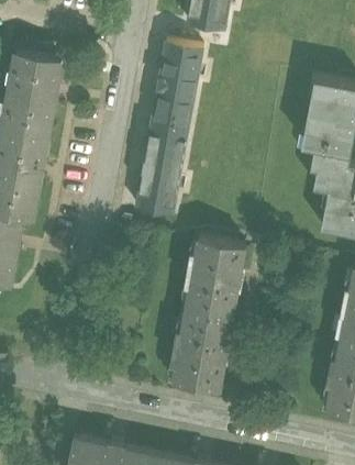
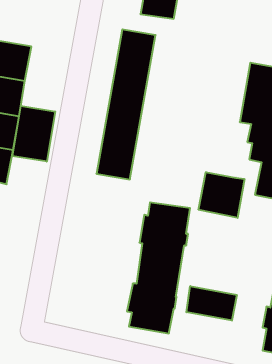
building: none -> [12,106,55,162]
building: none -> [199,172,244,218]
building: none -> [186,286,237,321]

